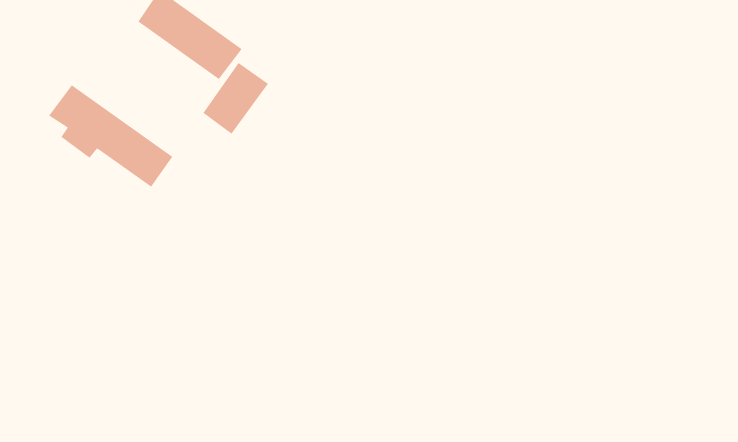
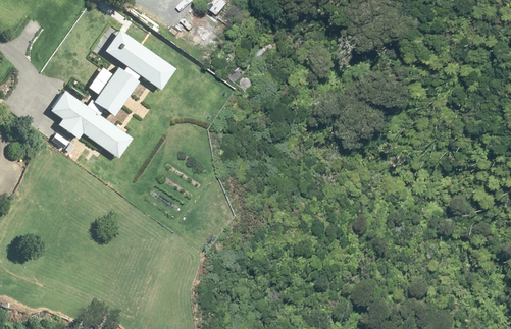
building: [203,62,269,134] -> [96,65,140,113]

